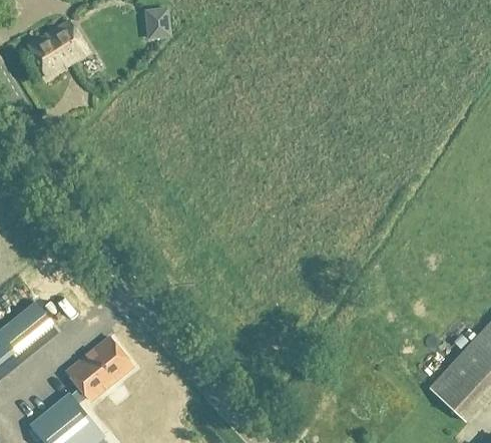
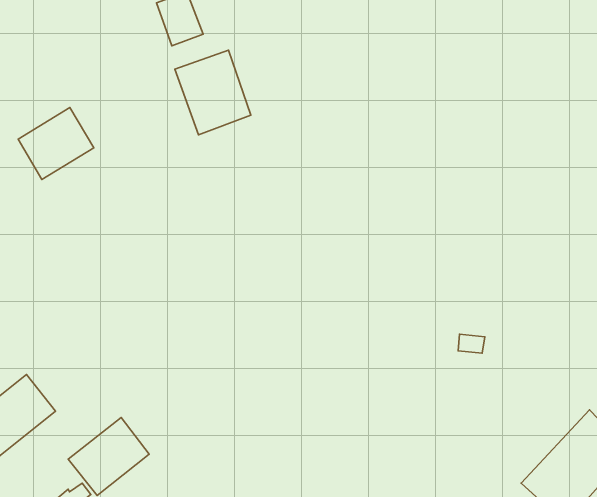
building: [28,20,88,77] -> [18,108,94,179]
building: none -> [175,50,251,135]

